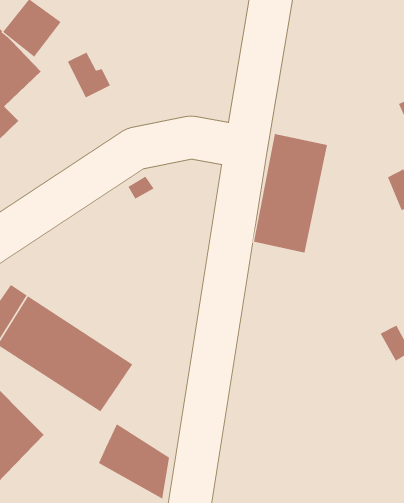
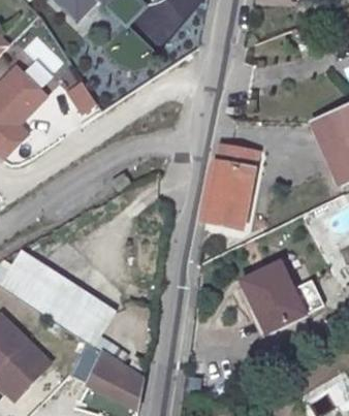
building: none -> [240,261,305,332]

